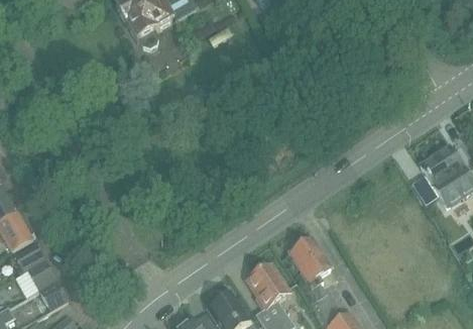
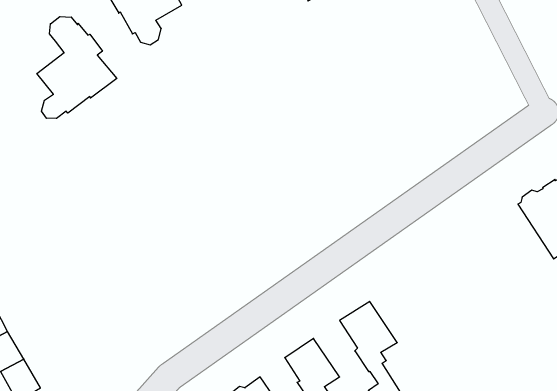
building: none -> [37,17,117,118]

